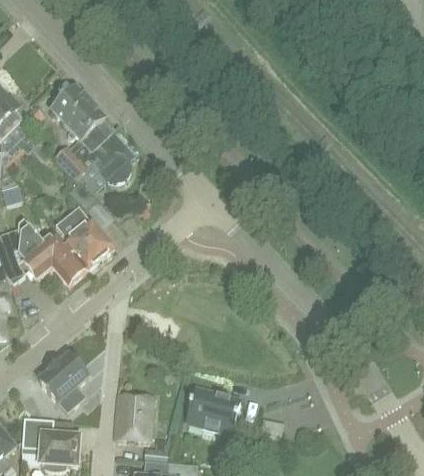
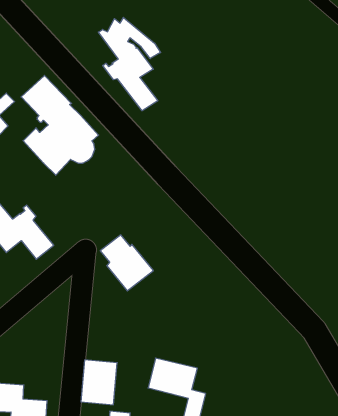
building: none -> [98,17,161,111]
building: [56,208,113,268] -> [100,235,153,291]
building: [38,353,87,412] -> none

